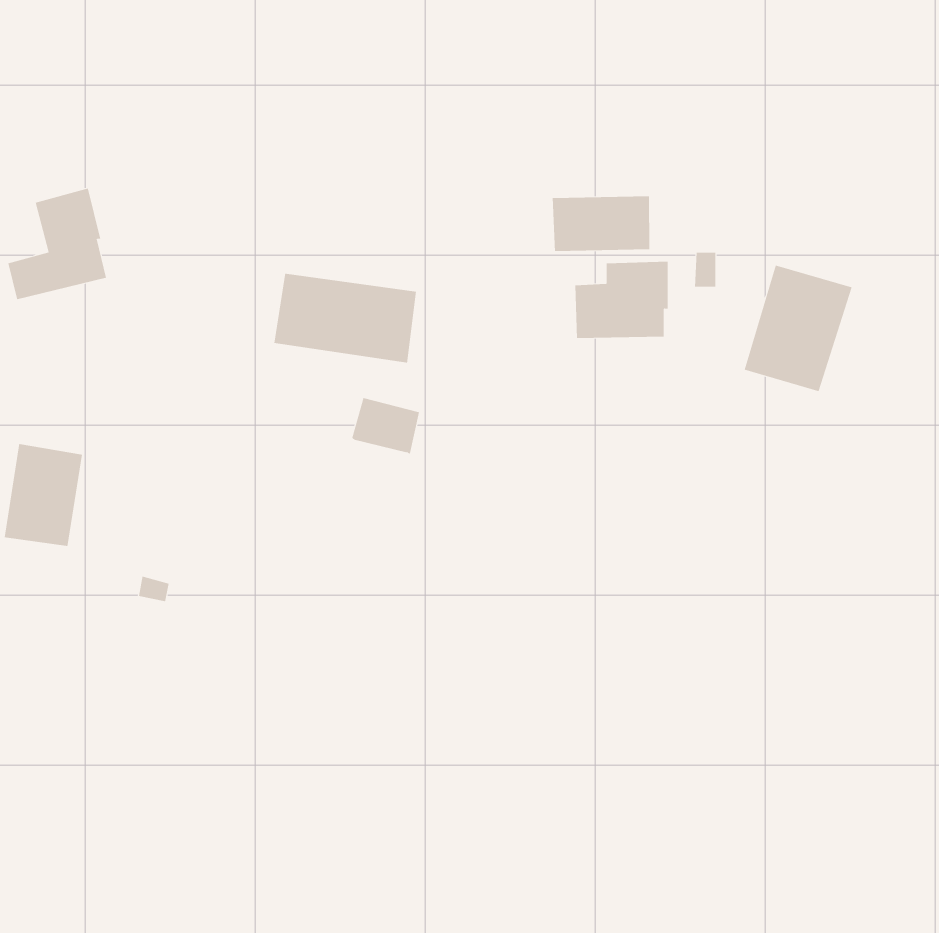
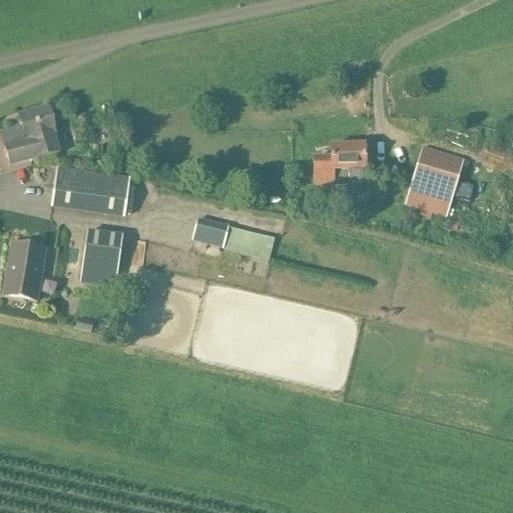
building: [552,196,650,252] -> none
building: [273,273,417,363] -> [52,165,130,214]
building: none -> [80,229,122,284]

